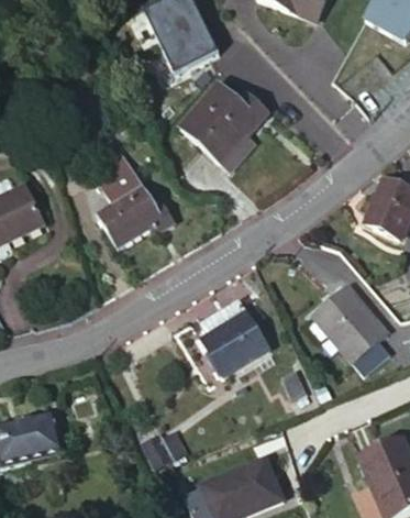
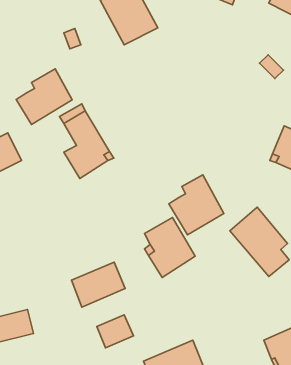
building: [181,81,274,162] -> none
building: none -> [16,69,72,124]
building: none -> [169,175,224,235]
building: none -> [71,262,125,307]

